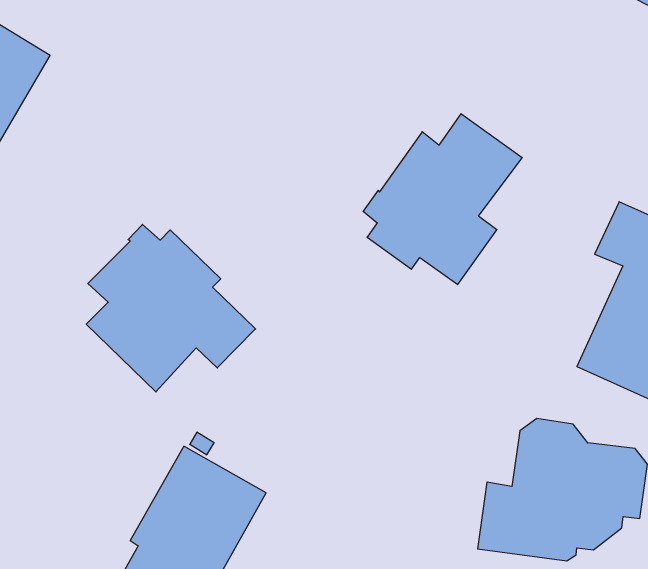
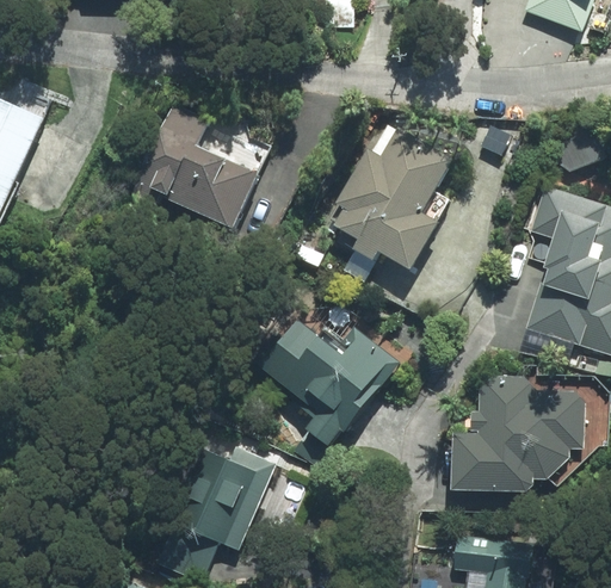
building: none -> [128,103,259,227]
building: [86,224,256,392] -> none
building: none -> [255,317,405,451]

